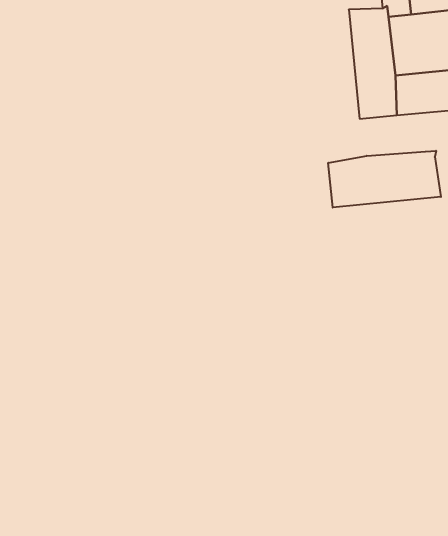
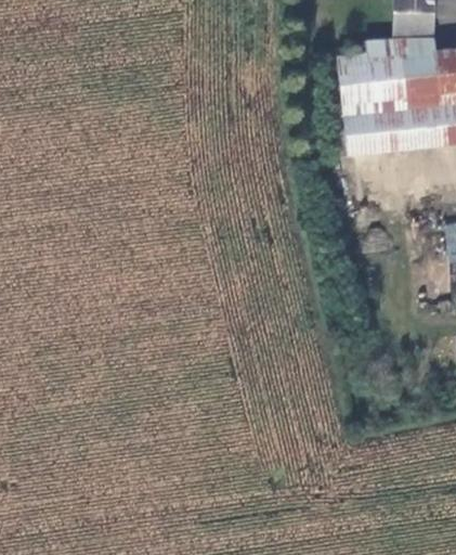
building: [328,151,441,208] -> none

